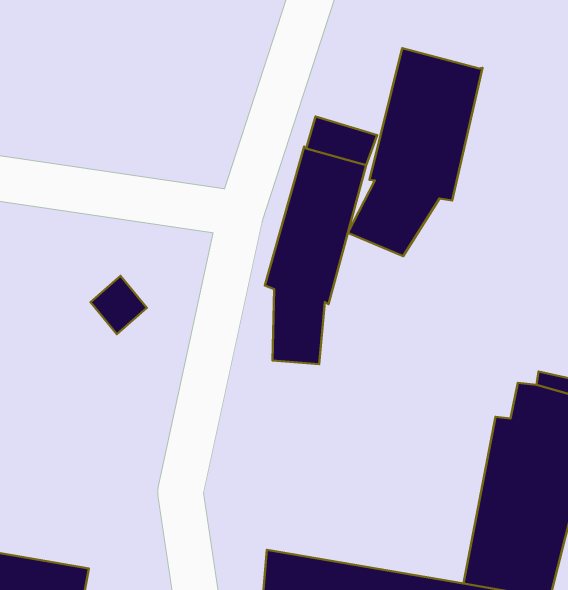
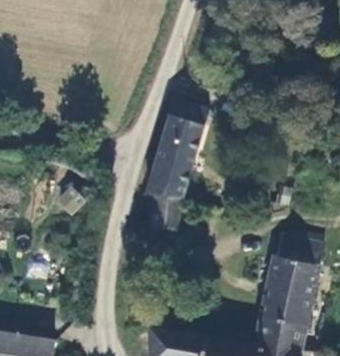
building: [348,48,482,256] -> none

